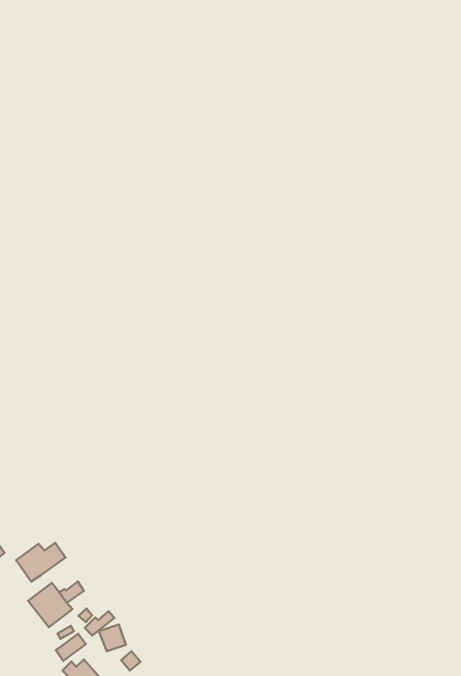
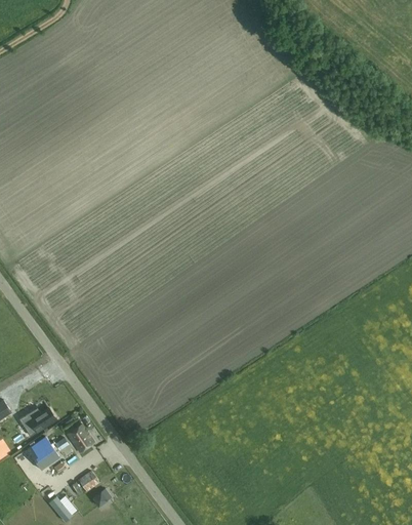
building: none -> [66,415,93,452]

